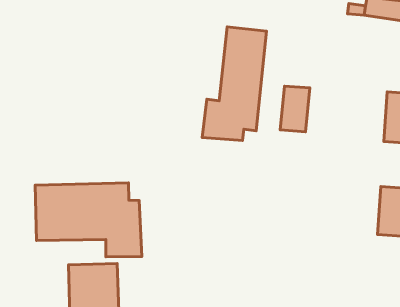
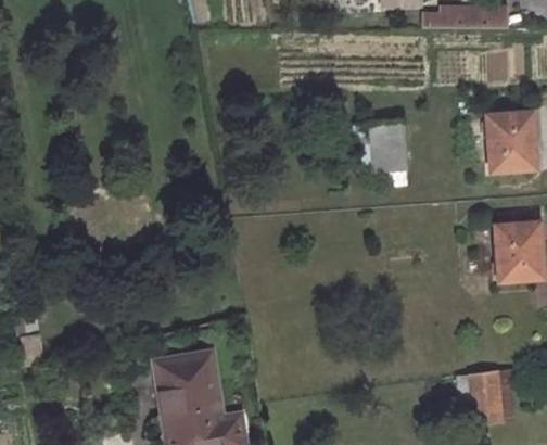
building: [202,27,267,140] -> none
building: [35,183,142,257] -> none

